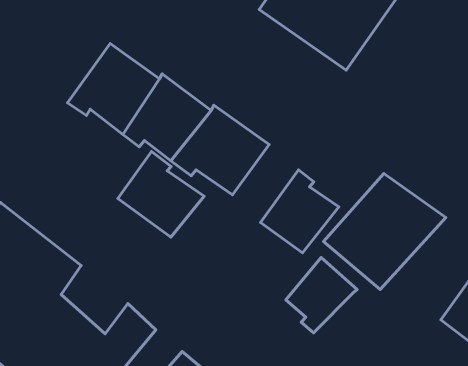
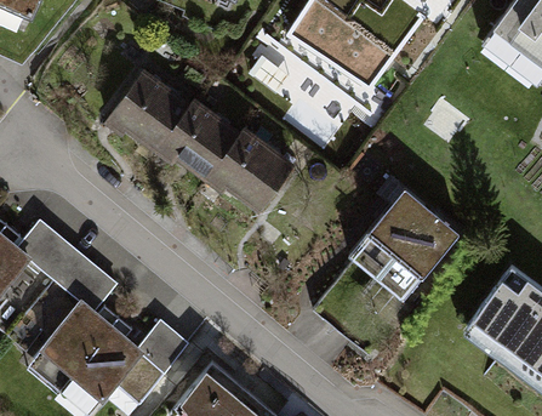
building: [118,151,204,237] -> none
building: [261,170,339,253] -> none
building: [286,258,357,333] -> none

